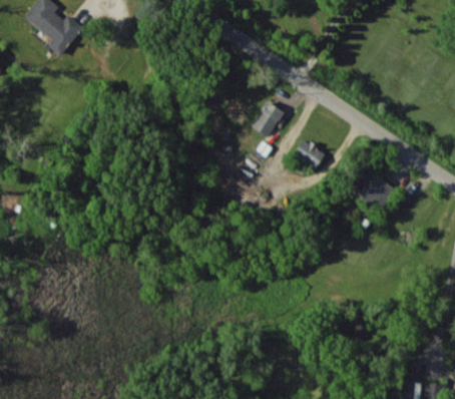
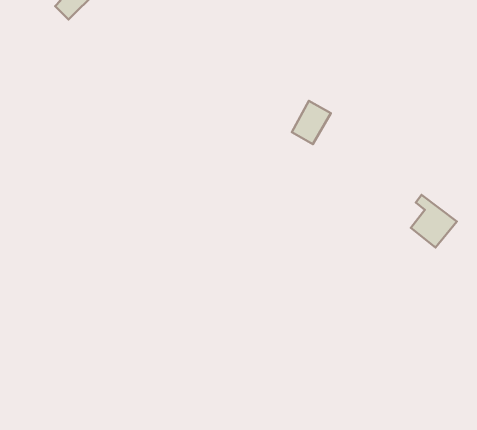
building: [294,139,325,168] -> none

